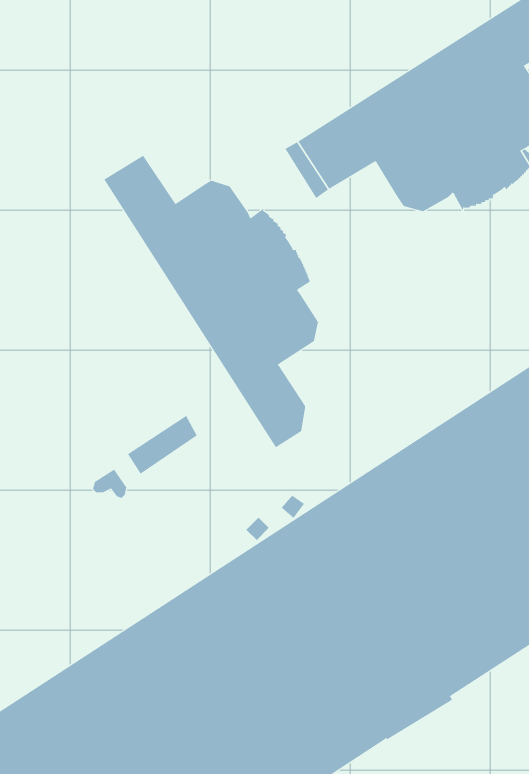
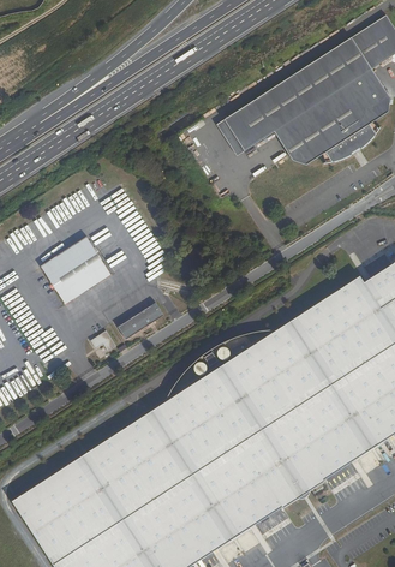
building: [104,155,318,448] -> none
building: none -> [41,235,113,305]

